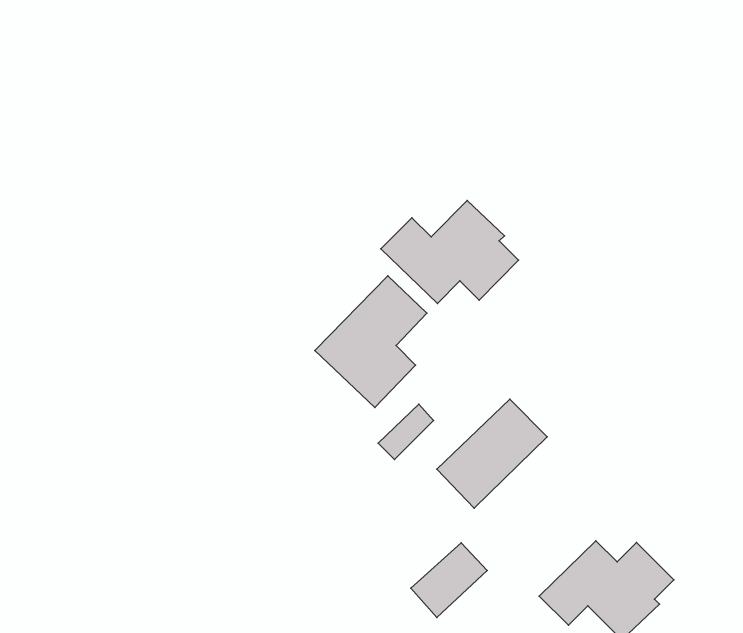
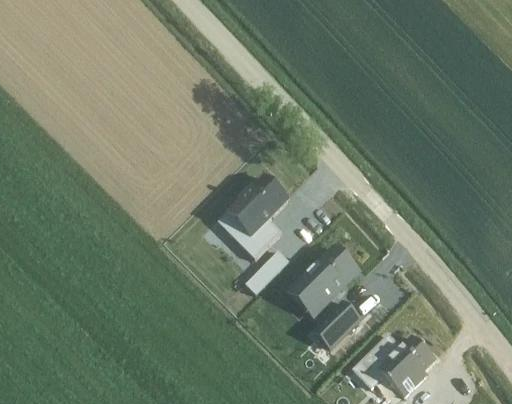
building: [381,201,519,303] -> none
building: [411,543,487,618] -> [311,304,358,350]

